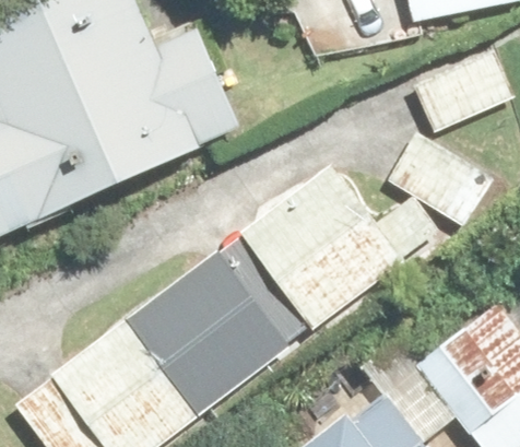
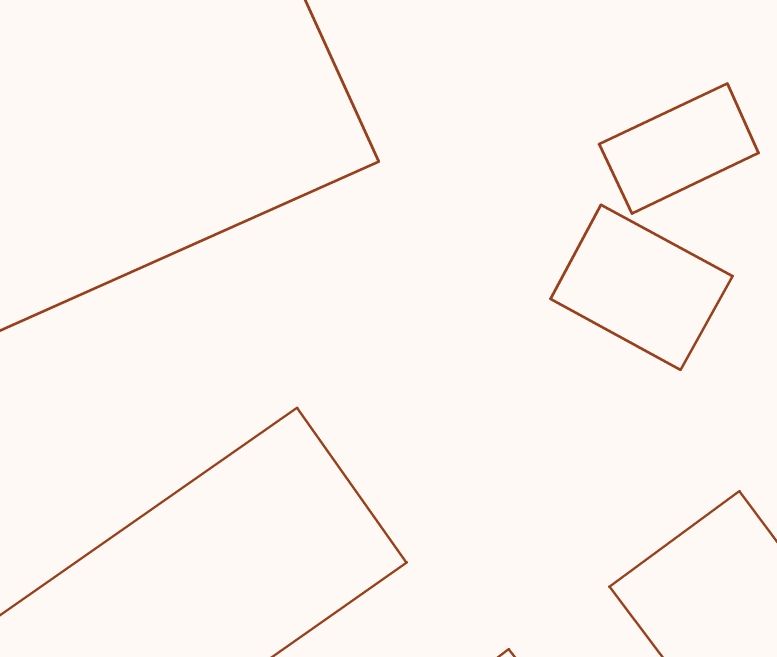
building: [217,177,387,348] -> none

